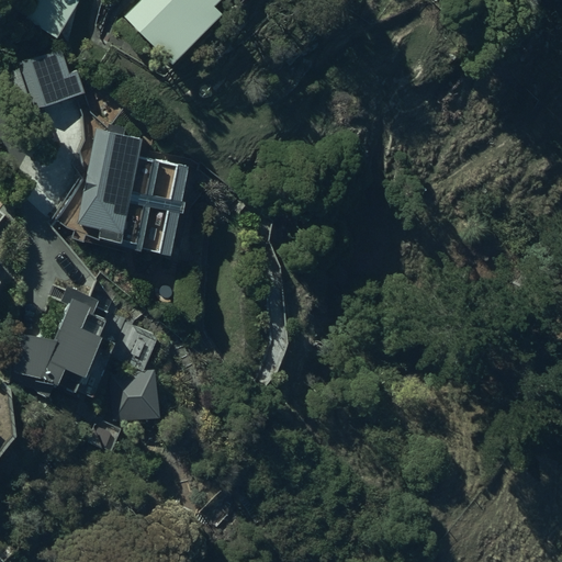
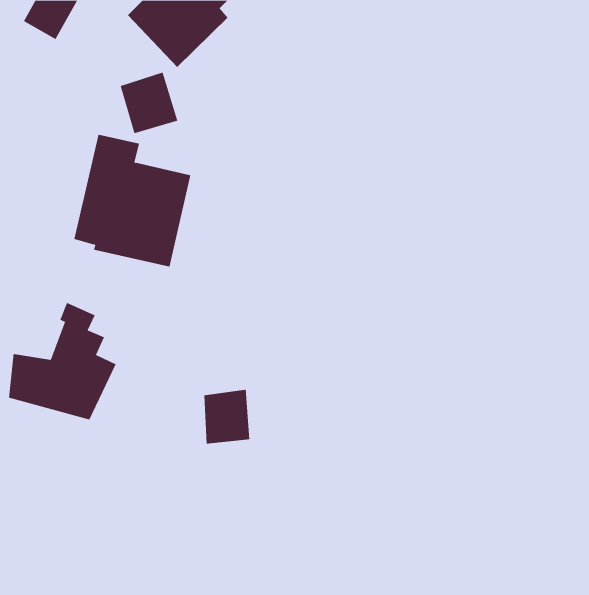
building: [31,47,86,105] -> [120,72,178,134]
building: [114,370,158,422] -> [203,389,250,444]

